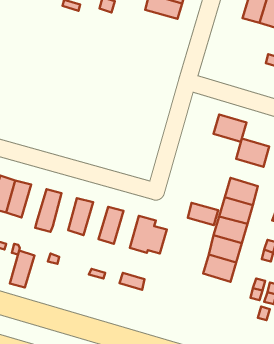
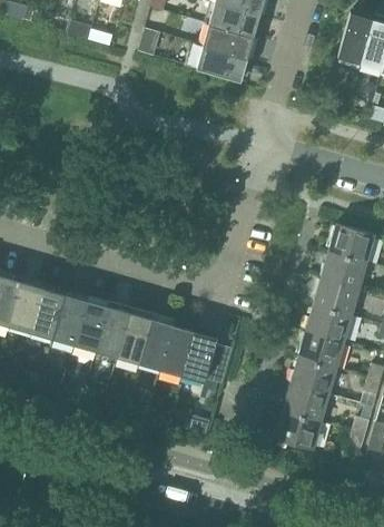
building: none -> [185,43,247,82]
building: [213,114,246,142] -> [321,253,366,291]
building: none -> [75,301,108,352]
building: none -> [117,313,151,364]
building: [188,203,218,225] -> none
building: none -> [159,325,194,377]
building: [10,251,35,288] -> [31,289,66,340]
building: none -> [275,412,321,450]

